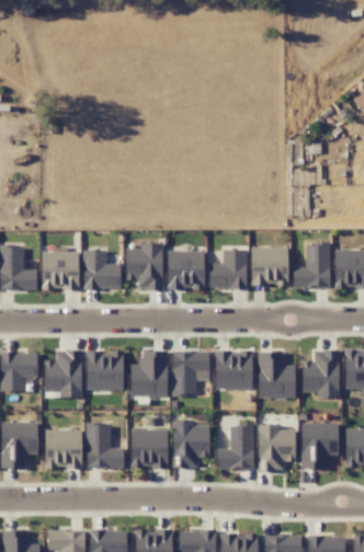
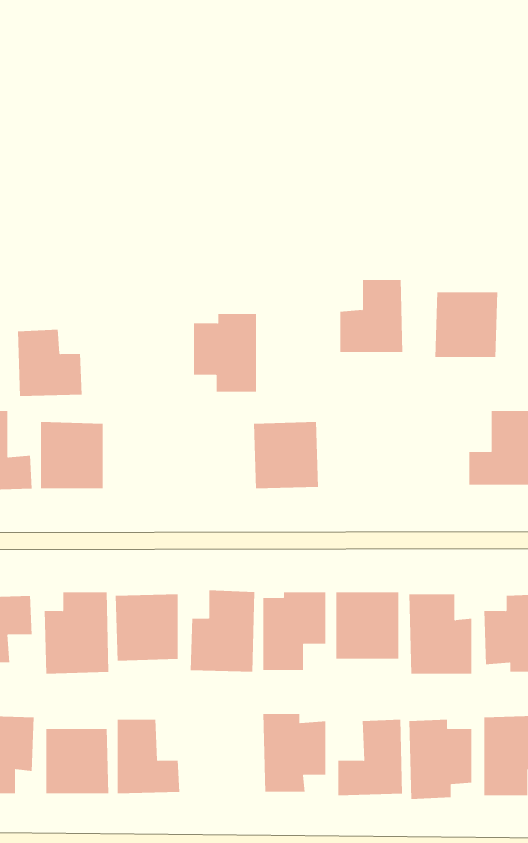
building: [125,243,162,289] -> [193,314,257,392]
building: [209,245,247,288] -> [340,280,403,353]
building: [251,246,288,285] -> [435,292,498,357]
building: [82,250,121,289] -> [17,329,83,397]
building: [130,428,168,468] -> none

